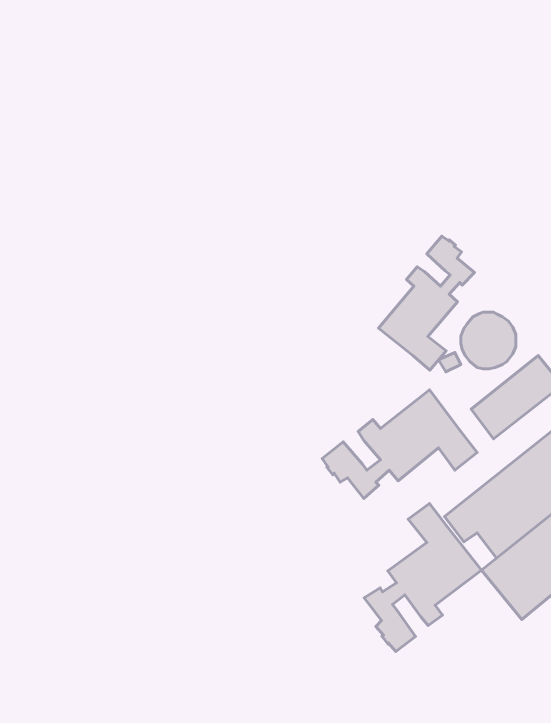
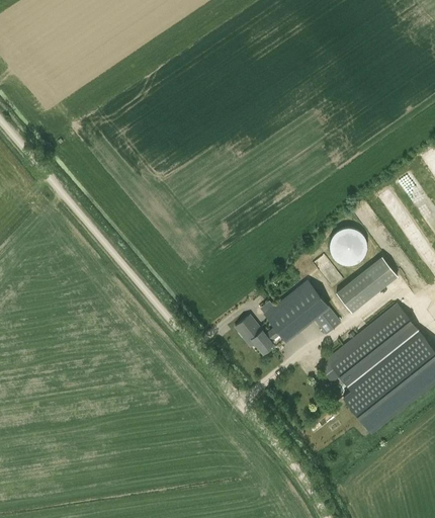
building: [378,236,474,370] -> none
building: [364,504,482,651] -> none

